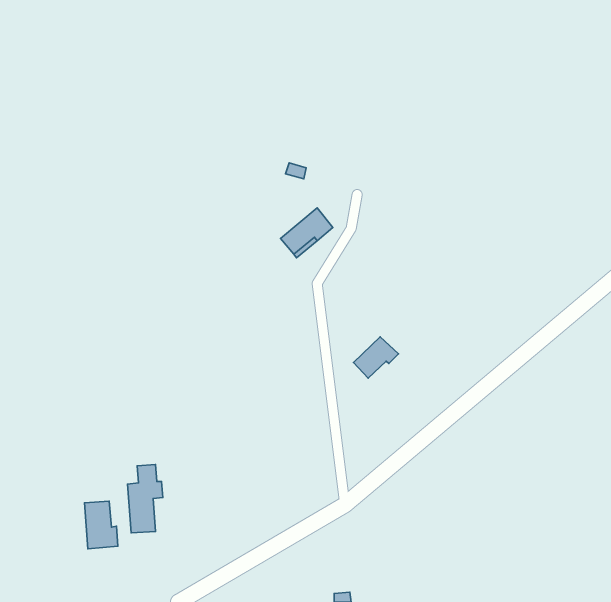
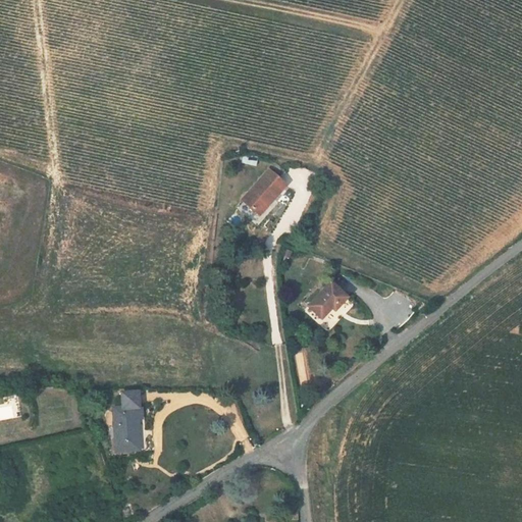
building: [84,501,118,549] -> none

